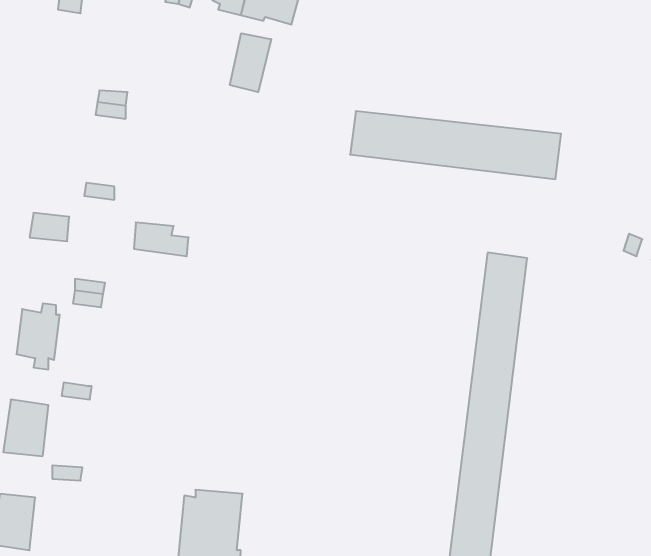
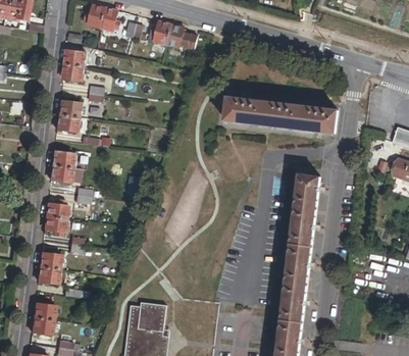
building: none -> [63,49,93,81]
building: [230,33,271,92] -> none
building: none -> [57,100,81,131]
building: [134,222,189,256] -> [51,164,81,183]

